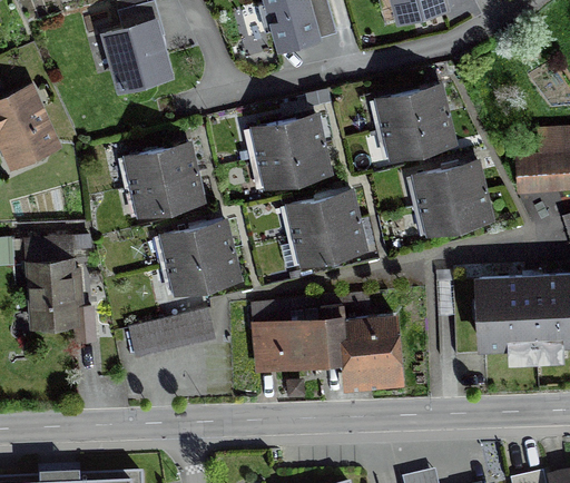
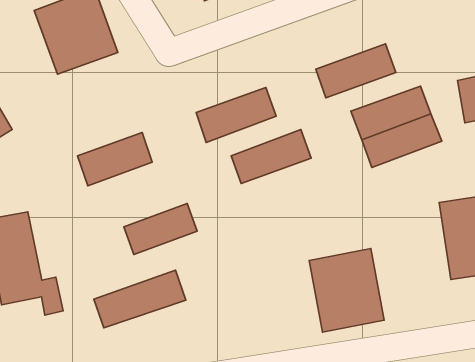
building: [370,81,450,127] -> none
building: [244,110,324,156] -> none
building: [119,141,194,185] -> none
building: [157,216,230,262] -> none
building: [287,216,367,263] -> none
building: [247,313,335,375] -> none

